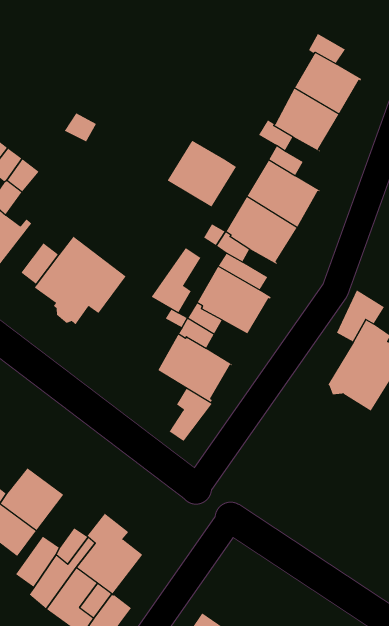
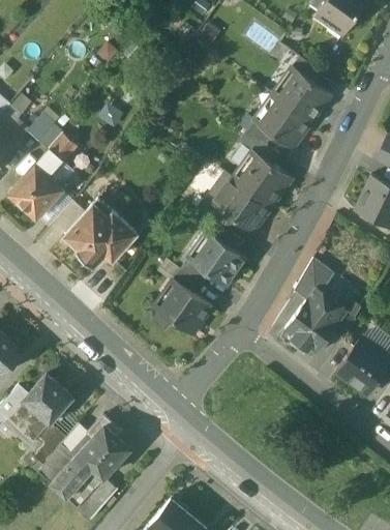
building: [167,140,237,207] -> none
building: [151,247,201,313] -> none
building: [169,388,213,442] -> none

